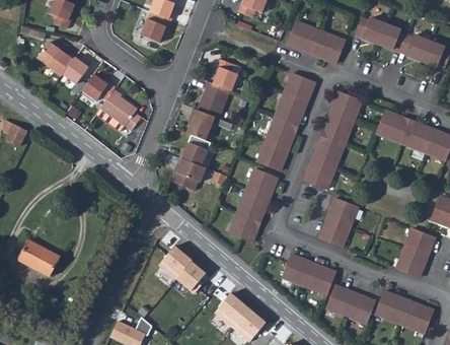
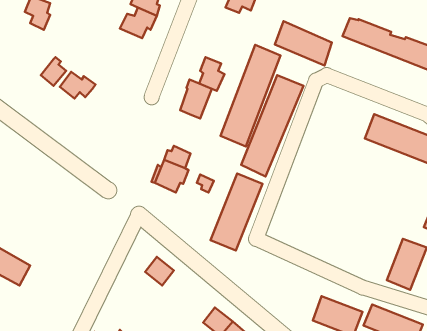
building: [39,42,76,77] -> none
building: [99,86,139,127] -> none
building: [302,92,360,190] -> [220,45,281,146]
building: [189,106,212,138] -> none
building: [318,200,357,249] -> none
building: [279,254,331,294] -> none
building: [180,261,207,288] -> none

